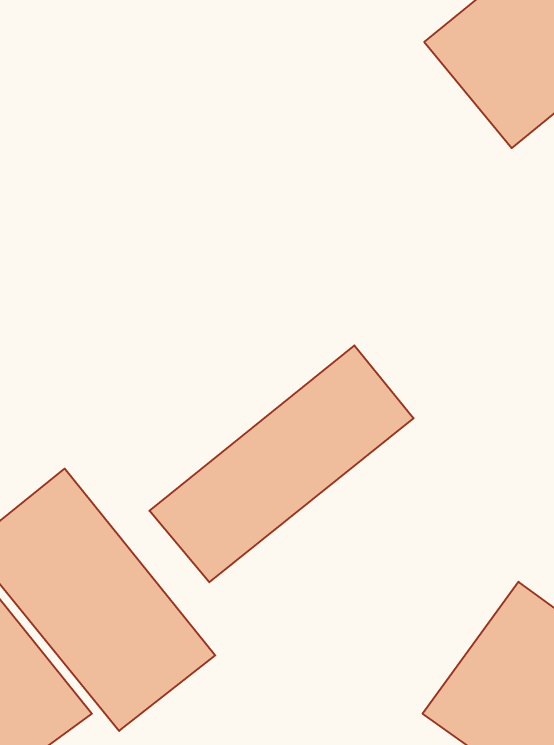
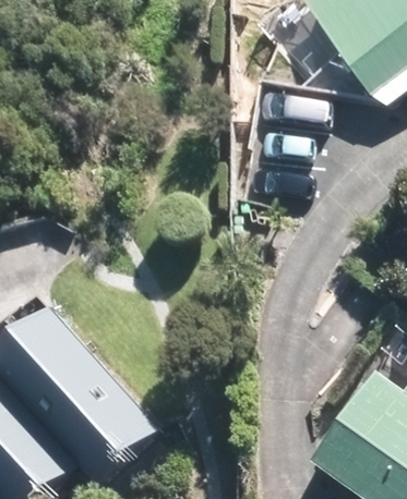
building: [149,345,414,582] -> none

